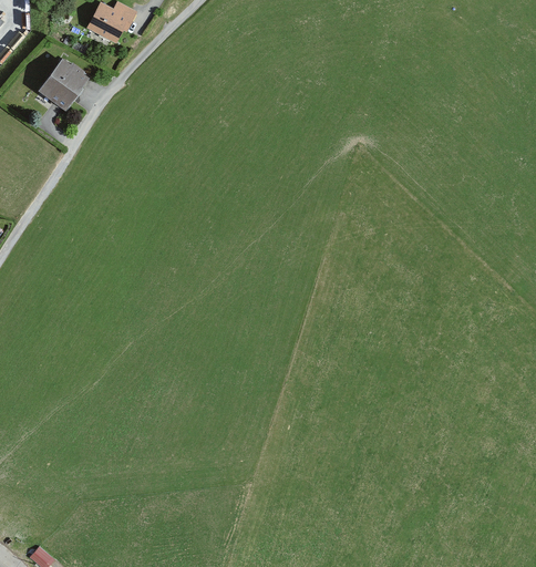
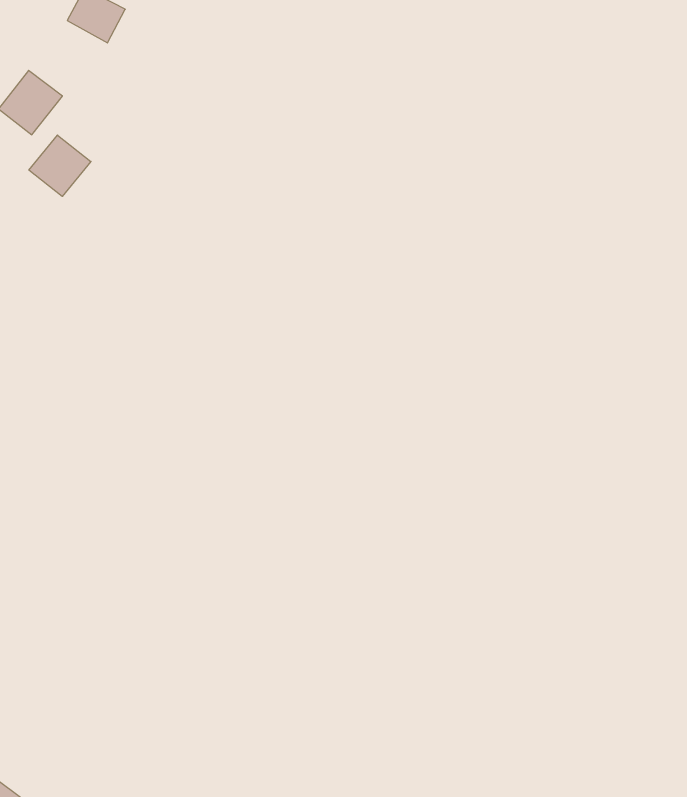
building: none -> [29,135,91,196]

